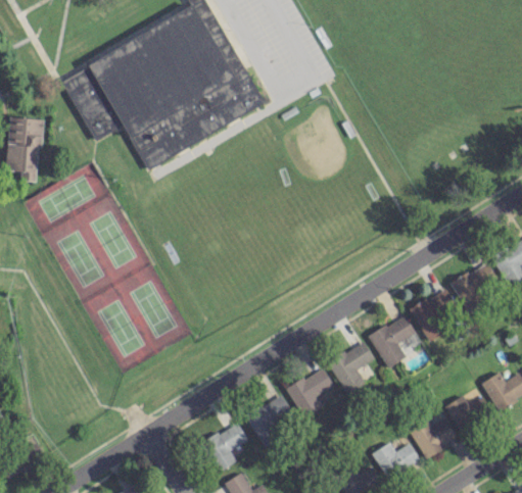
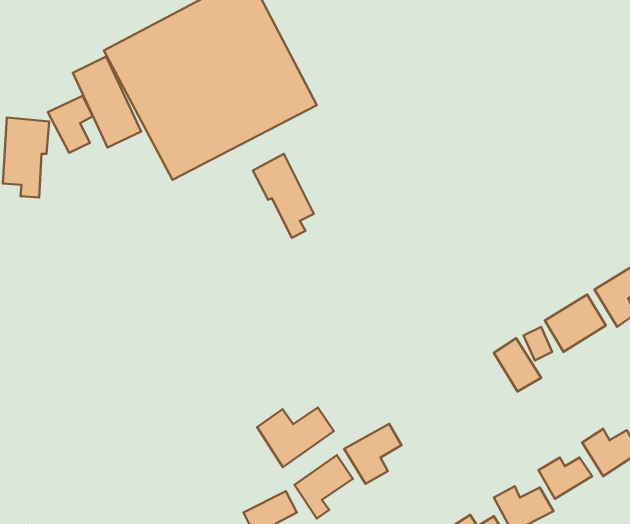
building: none -> [48,96,93,153]
building: none -> [253,154,314,238]
building: [369,314,415,367] -> none
building: [328,342,374,394] -> none
building: none -> [257,407,334,467]

